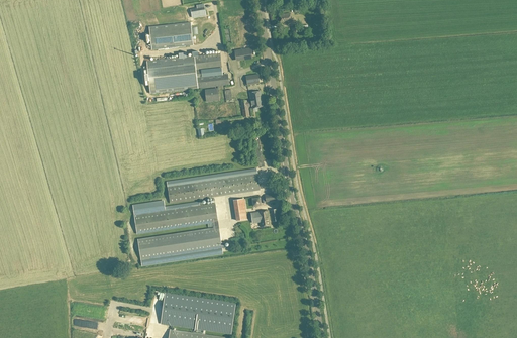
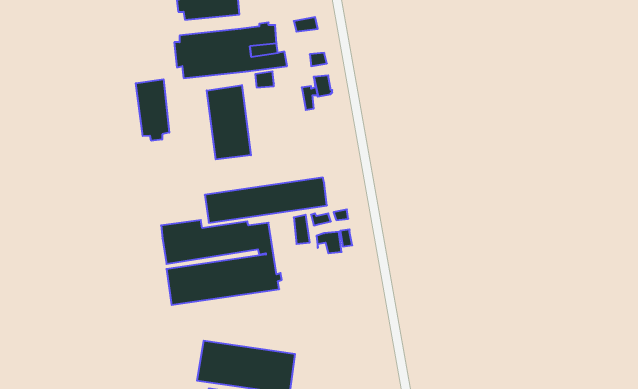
building: none -> [136,79,169,141]
building: none -> [207,85,251,159]

